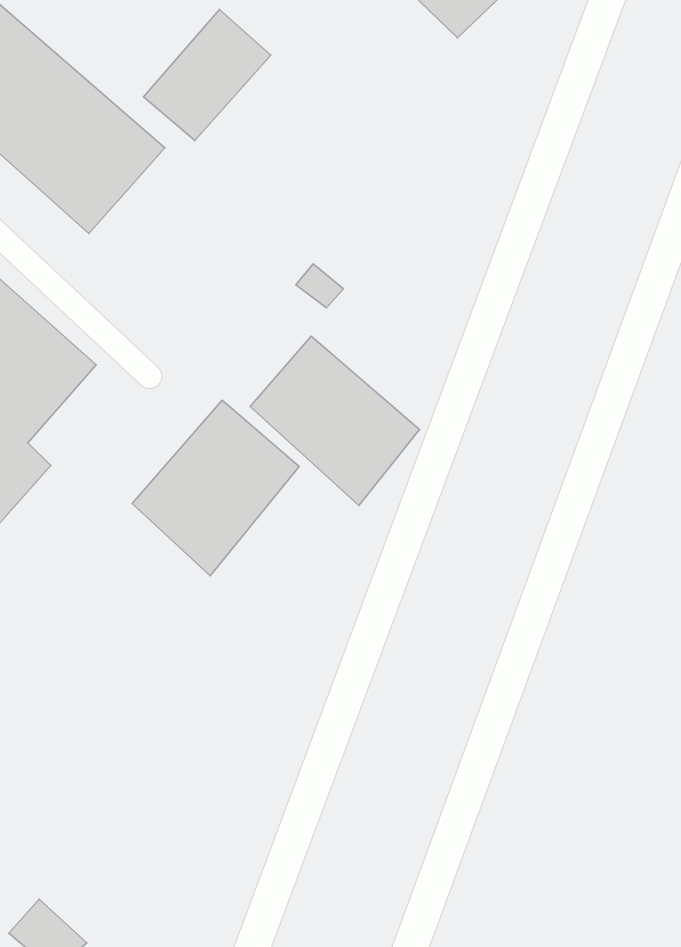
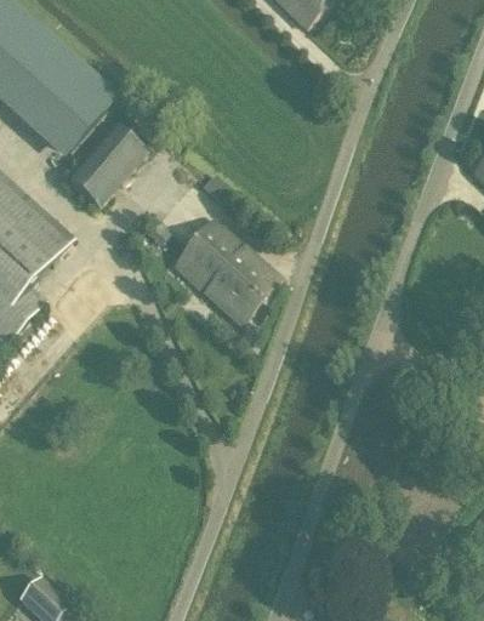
building: [143,9,271,141] -> [64,124,146,207]
building: [132,400,299,576] -> none

